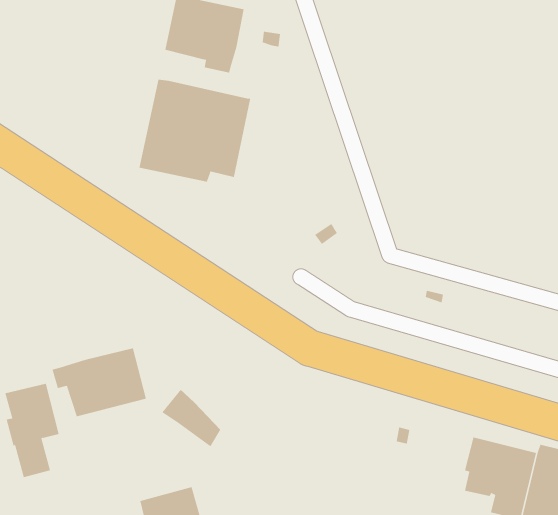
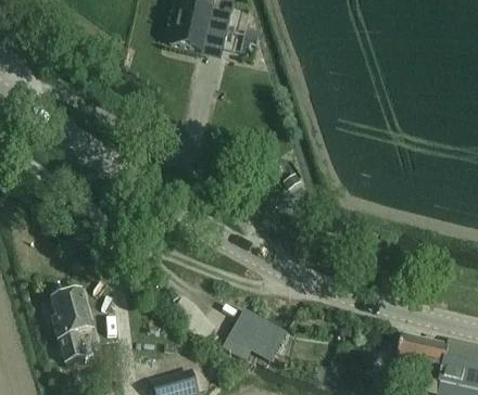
building: [139,79,251,183] -> none
building: [52,348,146,417] -> none
building: none -> [223,307,288,361]

